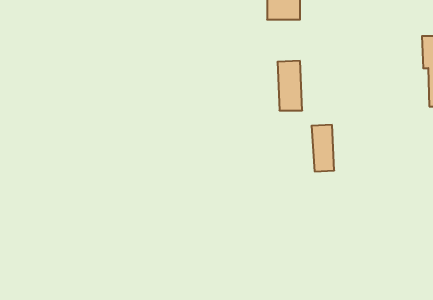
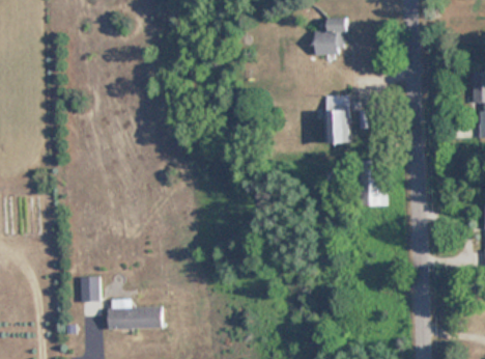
building: none -> [79,276,98,302]
building: none -> [109,299,161,328]

